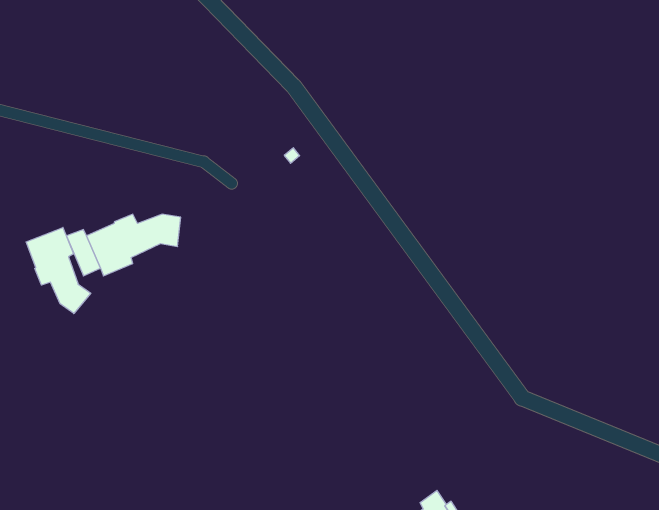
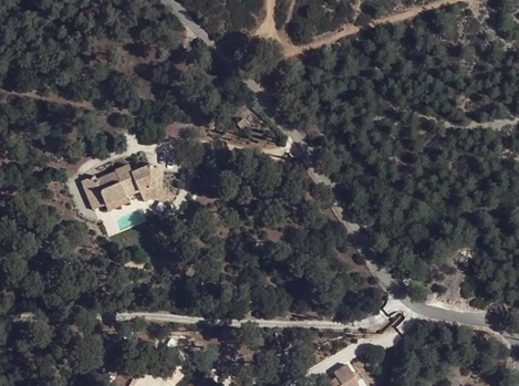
building: [26,227,91,314] -> none

